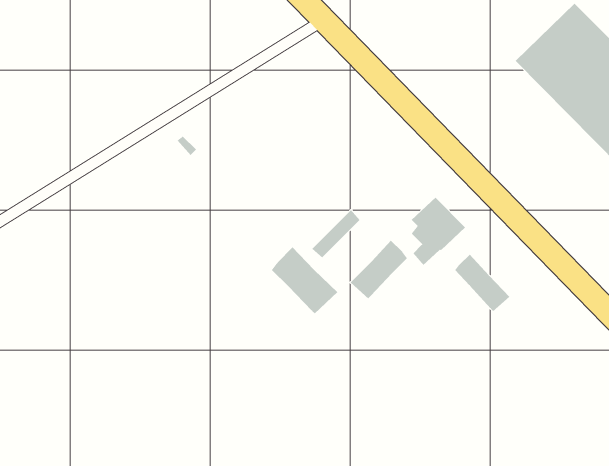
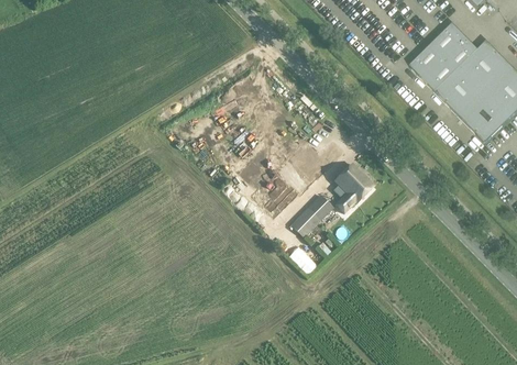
building: [271,246,338,314] -> none
building: [454,254,510,312] -> none

